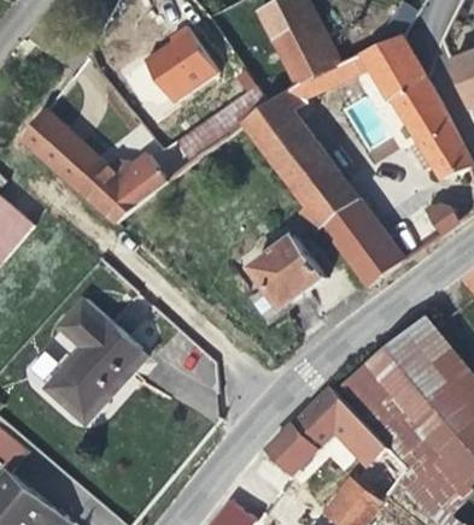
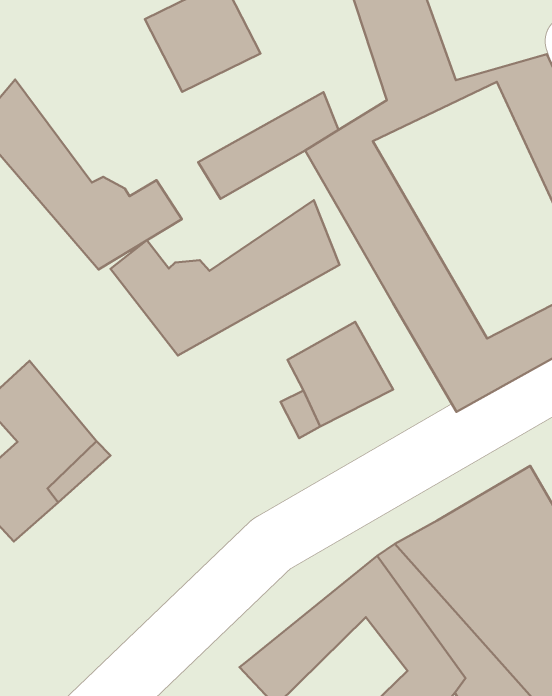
building: none -> [111,200,340,356]

